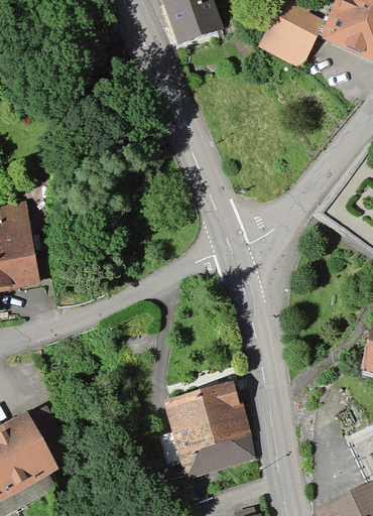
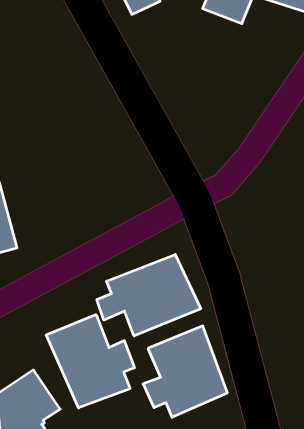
building: none -> [97,254,201,336]
building: none -> [46,315,134,408]

